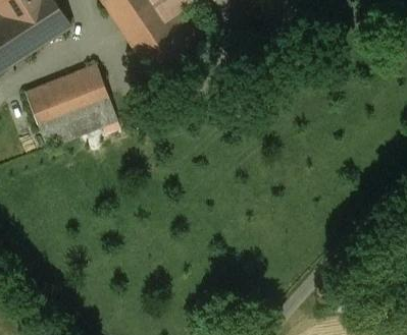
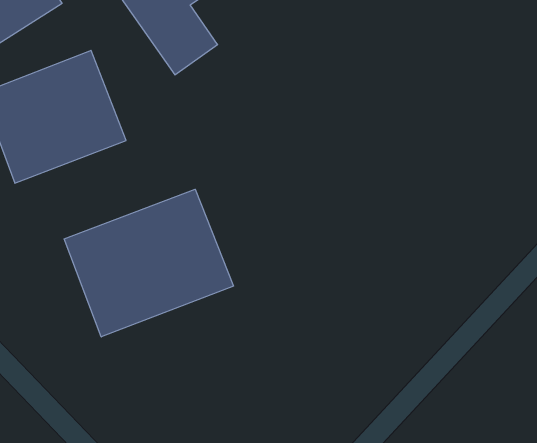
building: none -> [64,189,234,337]

